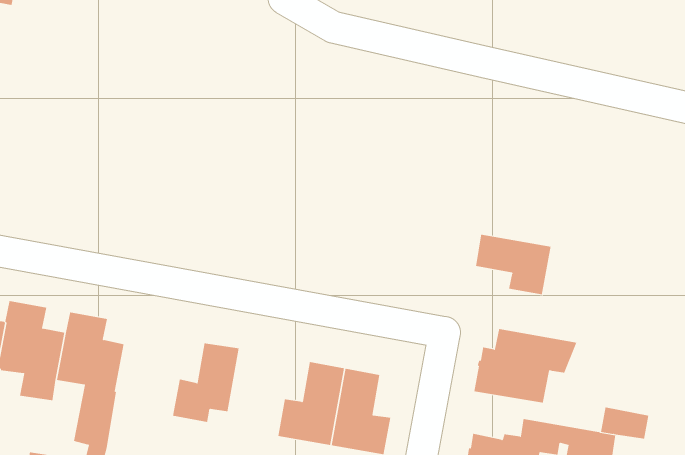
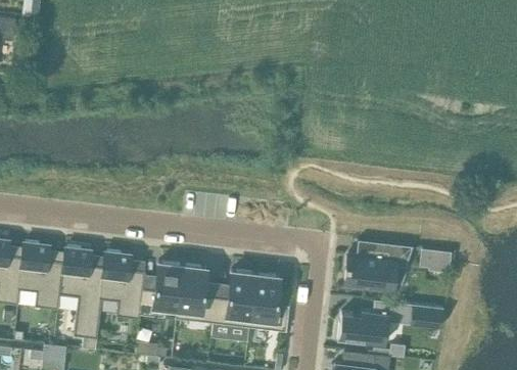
building: [475,234,551,295] -> none
building: none -> [99,251,144,319]
building: none -> [178,266,215,323]
building: [600,407,649,439] -> [419,248,452,269]

